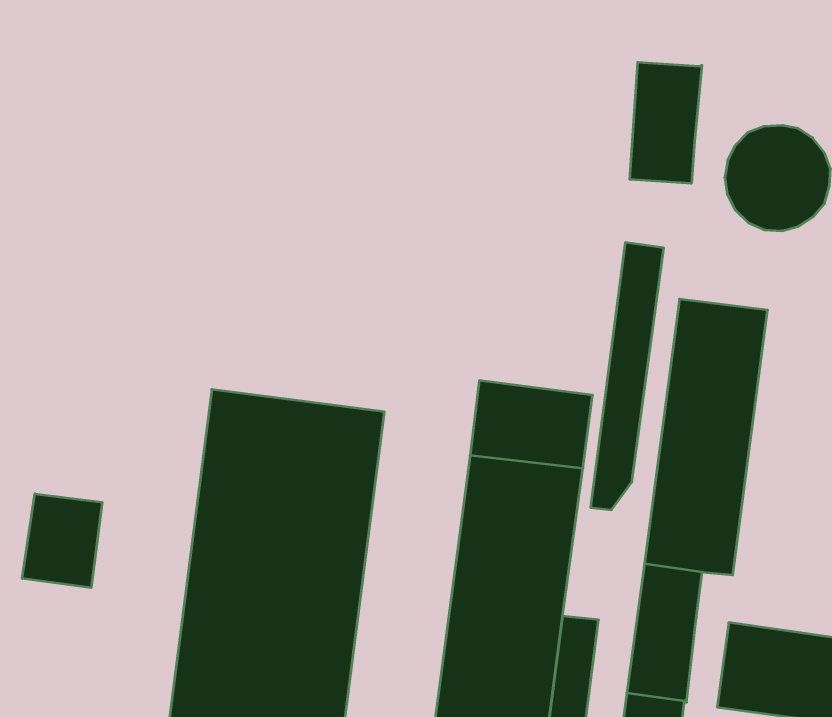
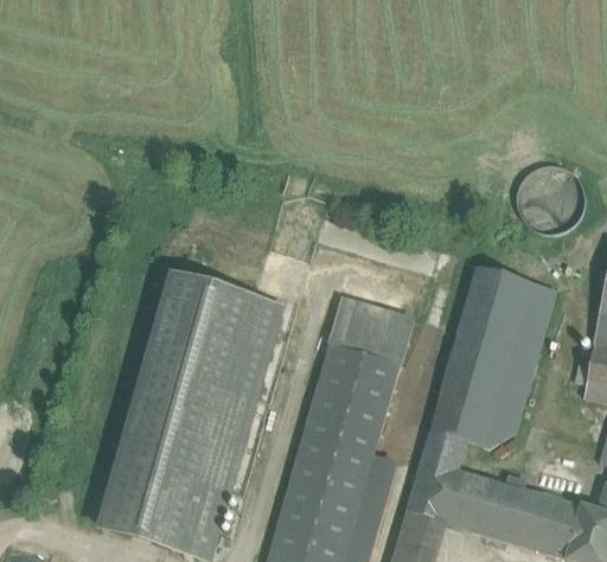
building: [630,62,702,183] -> none
building: [591,243,664,510] -> [485,281,556,448]
building: [22,494,102,588] -> none
building: none -> [443,468,478,526]

